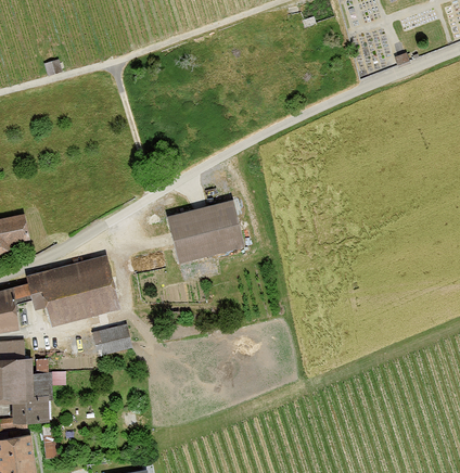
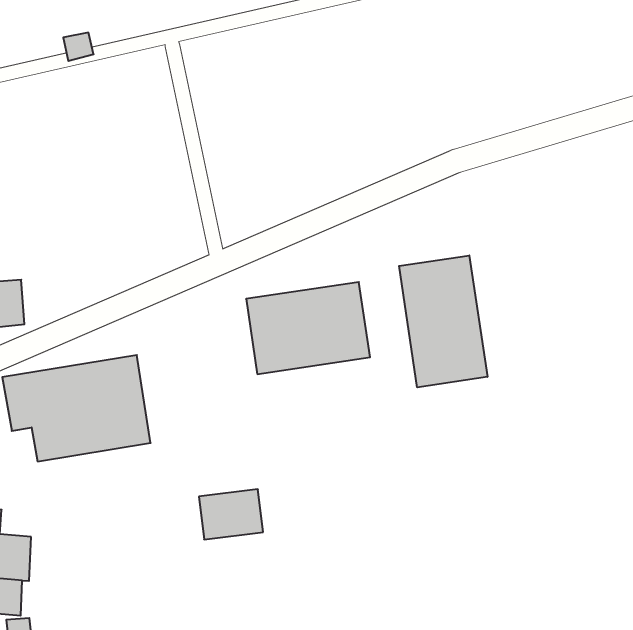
building: none -> [399,255,487,387]
building: [91,324,132,358] -> [199,489,263,539]

